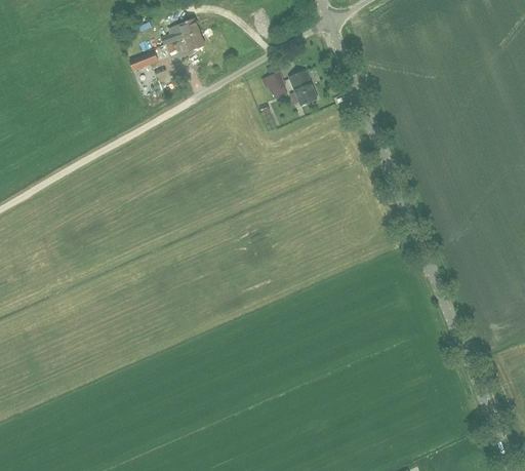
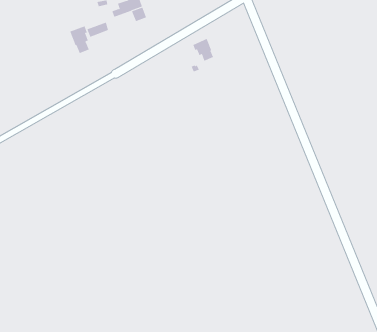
building: none -> [69,26,89,54]
building: [289,71,317,106] -> none

